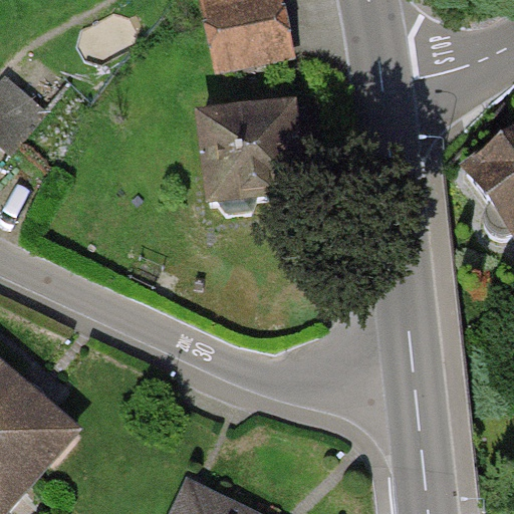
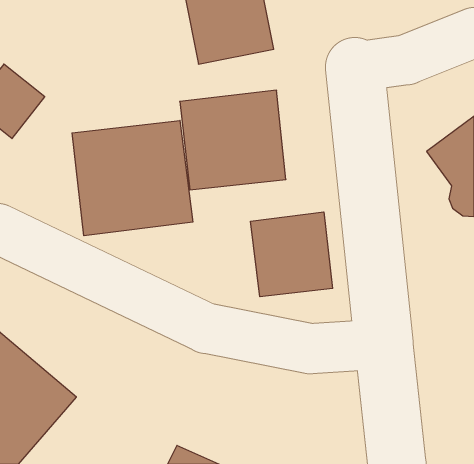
building: none -> [72,120,193,236]
building: none -> [251,212,333,297]

